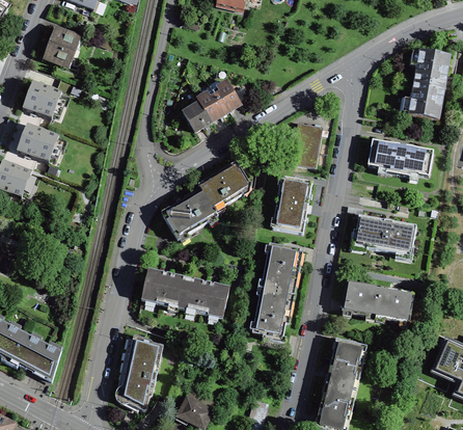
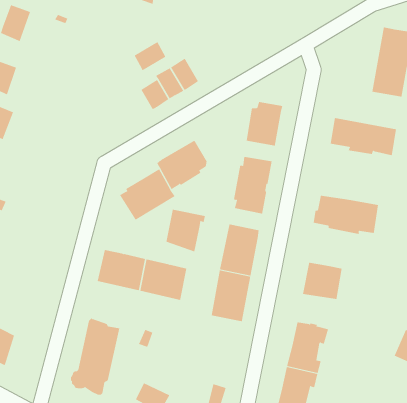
building: none -> [134,41,166,71]
building: none -> [166,209,205,253]
building: [375,287,414,323] -> none

